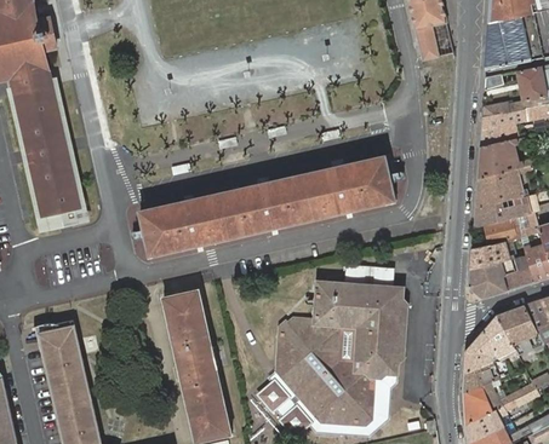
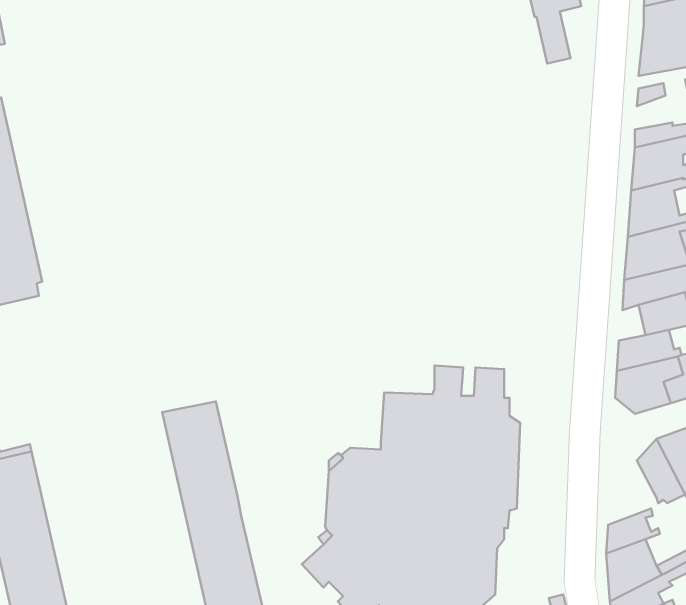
building: [139,155,396,255] -> none
building: [464,329,497,373] -> none

